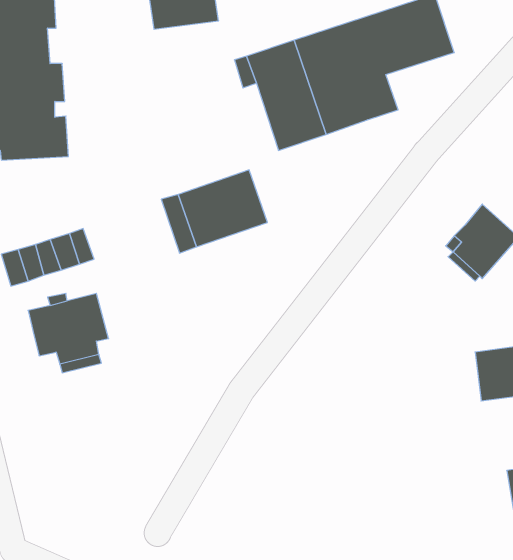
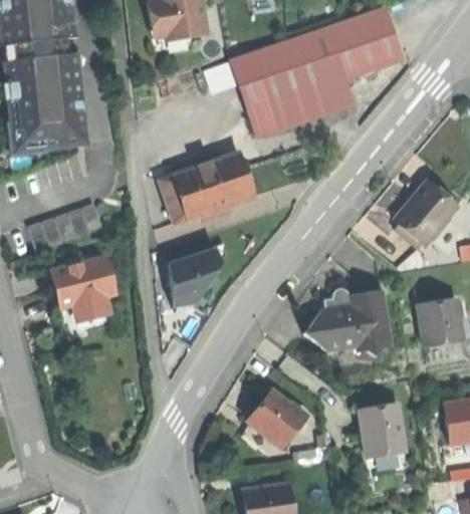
building: none -> [171,244,228,305]
building: none -> [305,290,391,354]
building: none -> [250,390,307,447]
building: none -> [361,401,408,455]

